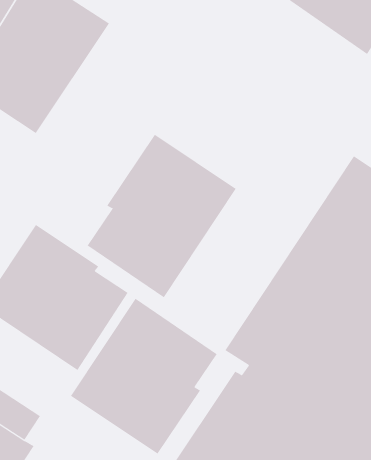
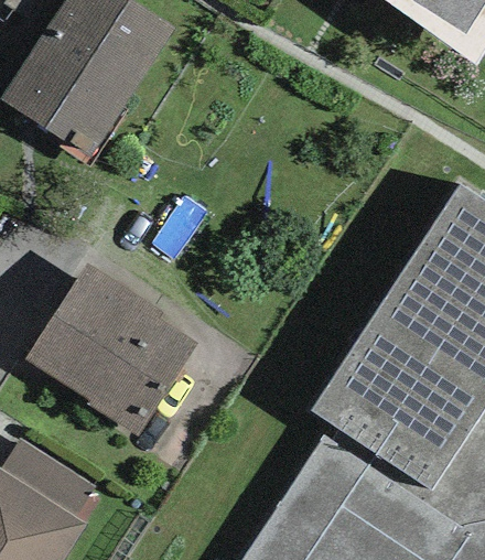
building: [87,134,237,298] -> none
building: [70,298,218,455] -> none

